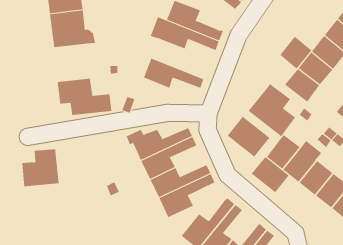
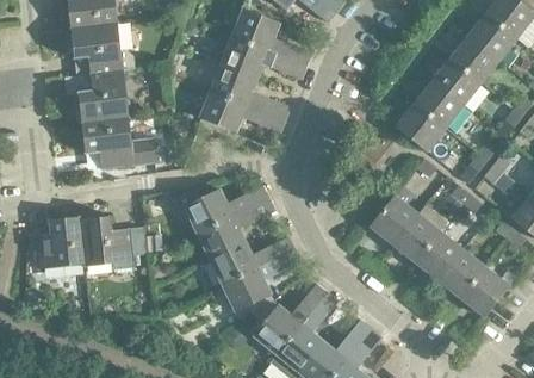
building: [279,36,312,69] -> none
building: none -> [211,63,291,119]
building: none -> [77,70,128,123]
building: [248,83,296,137] -> none
building: [227,116,270,157] -> none
building: none -> [80,216,134,272]
building: [251,156,289,193] -> none

